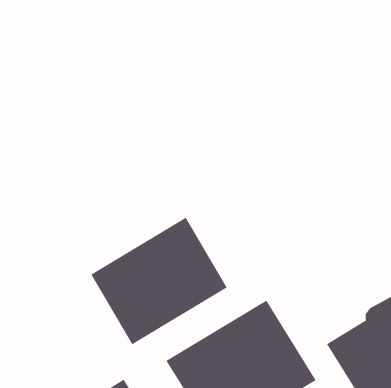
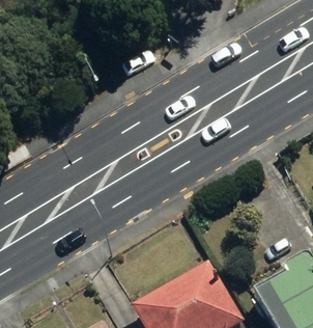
building: [90,217,227,345] -> none

